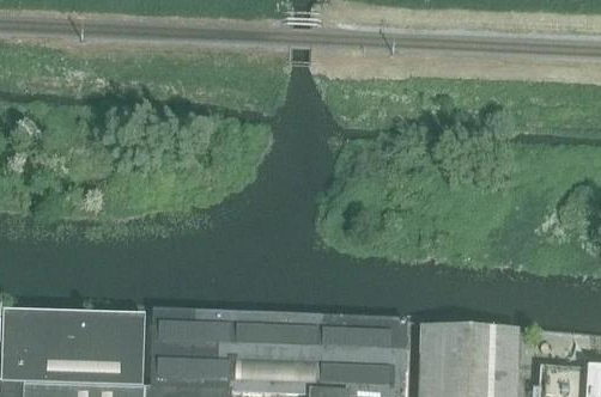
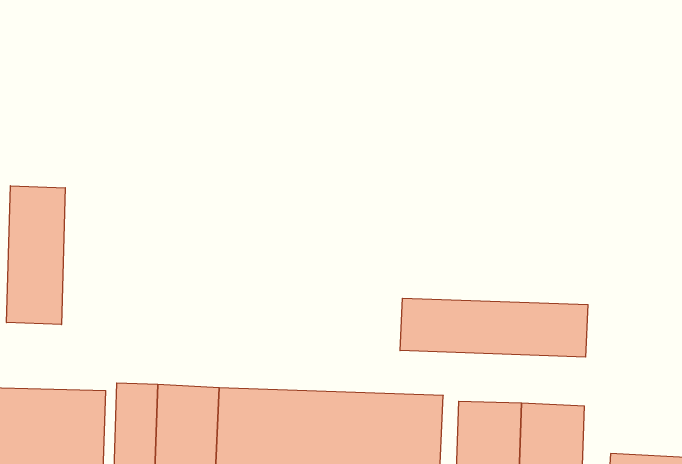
building: none -> [7,186,65,325]
building: none -> [400,298,588,357]

